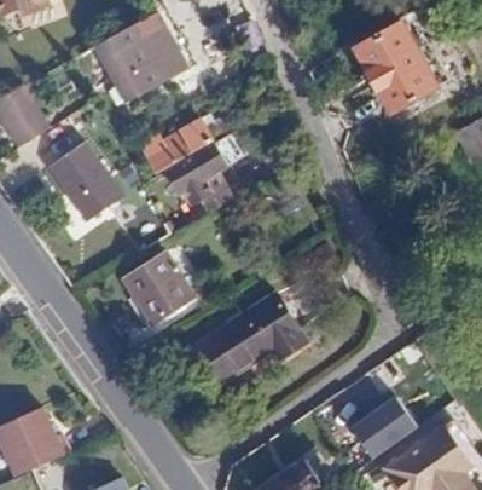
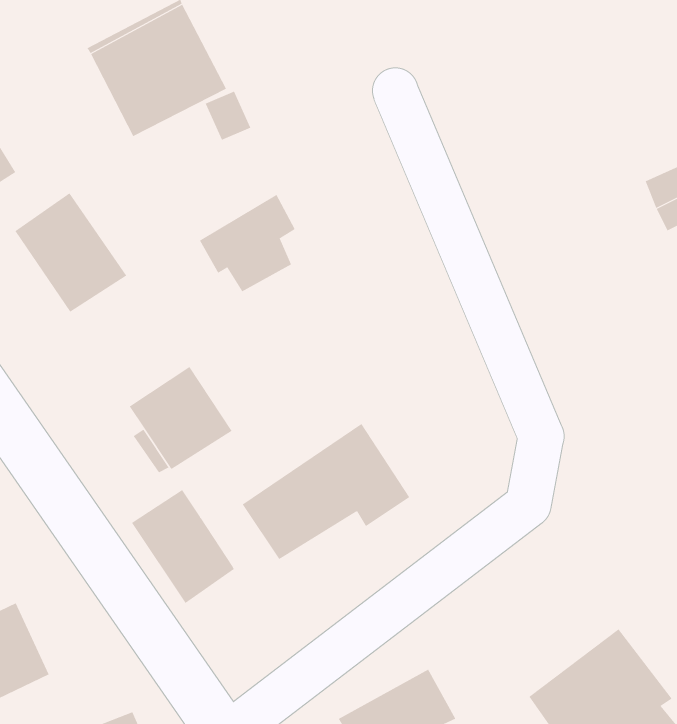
building: [356,25,435,111] -> none
building: [145,114,227,168] -> none
building: none -> [131,489,235,604]
building: [336,397,419,472] -> none

